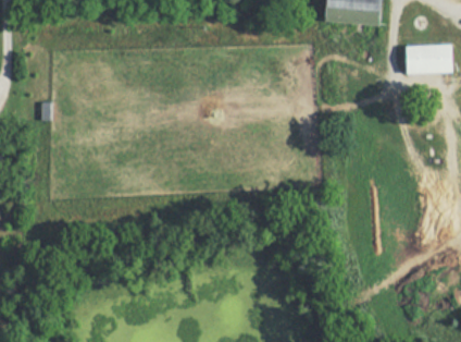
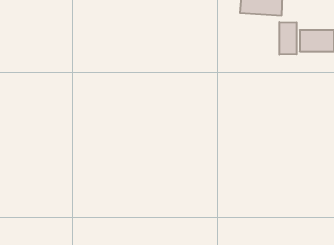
building: none -> [279,22,297,55]

